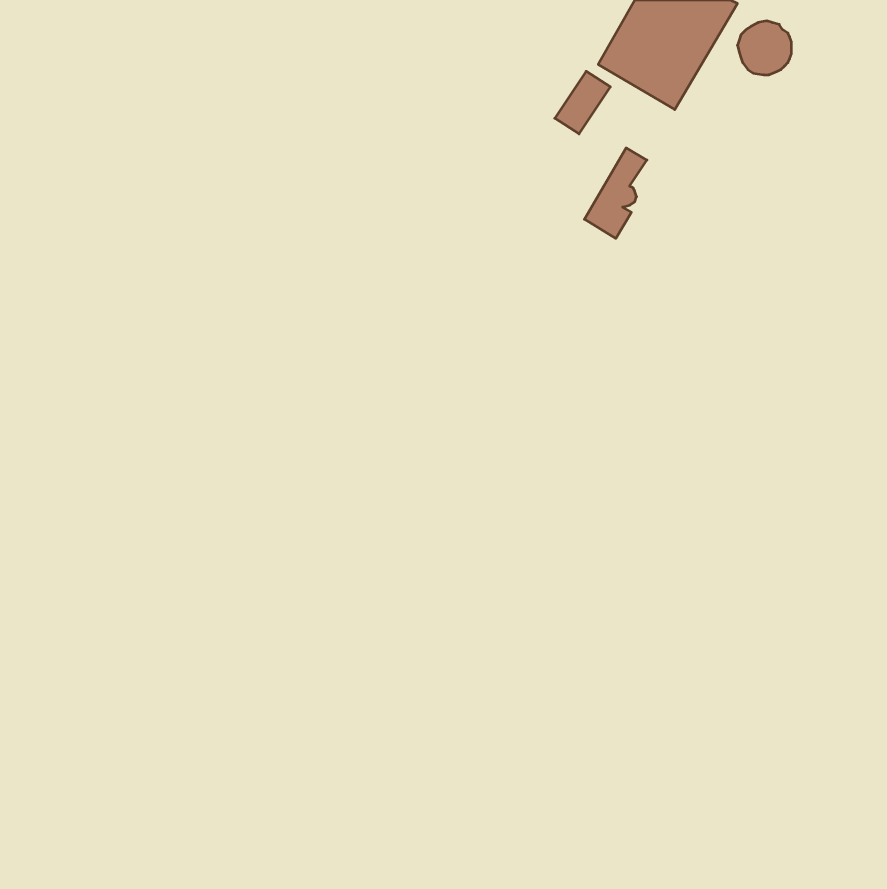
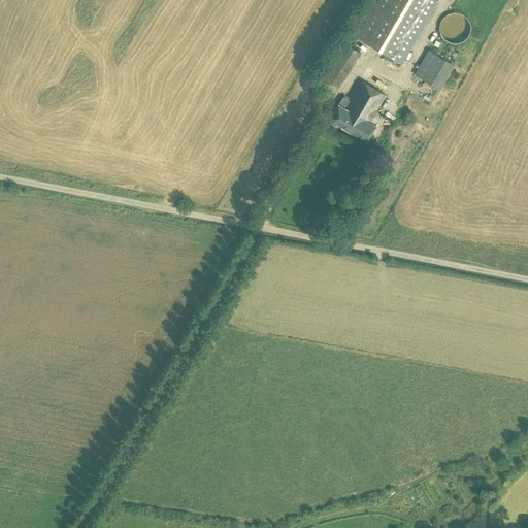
building: none -> [412,50,453,91]
building: none -> [328,80,371,130]

